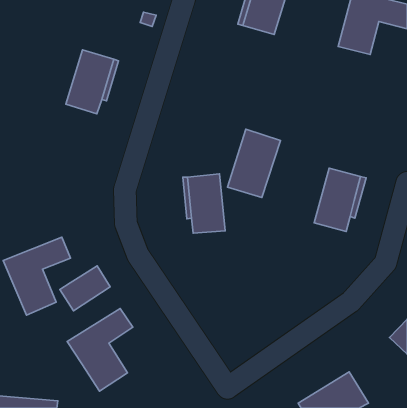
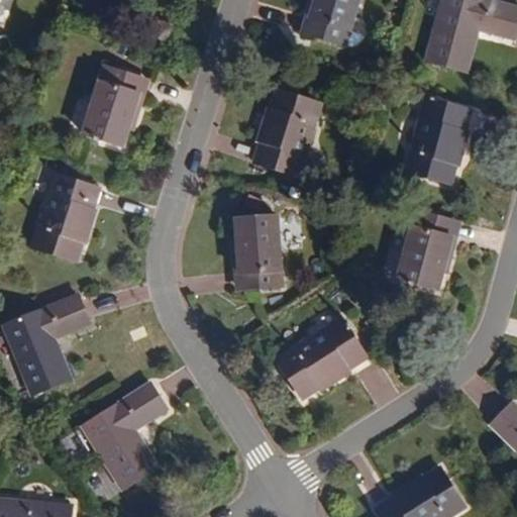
building: none -> [406,97,470,183]
building: [228,129,280,197] -> [255,90,322,176]
building: none -> [30,173,98,260]
building: none -> [276,317,365,397]
building: [60,266,110,311] -> none

